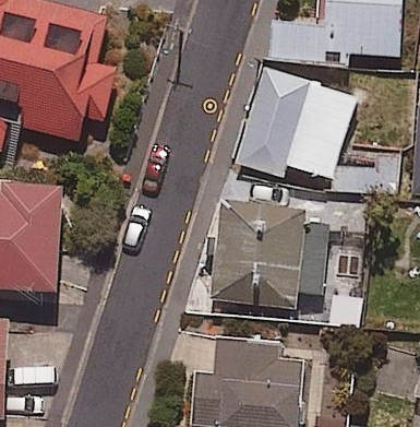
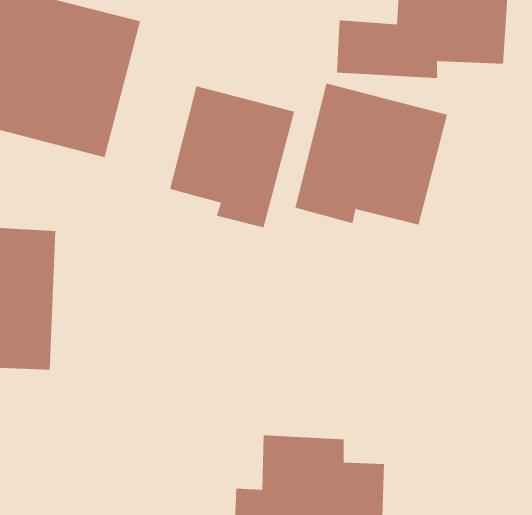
building: none -> [169,86,295,228]
building: [211,201,331,311] -> none

